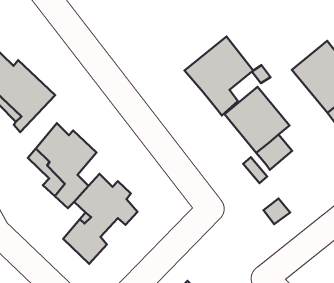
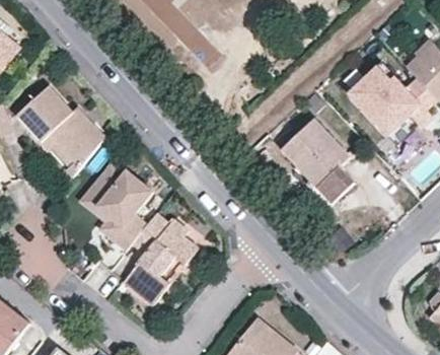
building: [185,36,253,116] -> none

